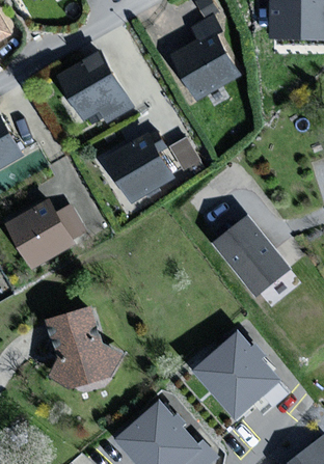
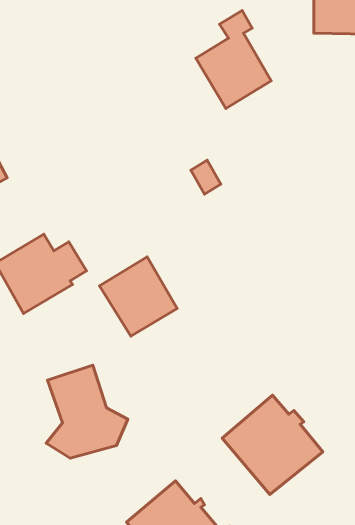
building: [60,53,130,121] -> none
building: [107,134,171,199] -> [99,257,177,336]
building: [216,217,288,293] -> none

